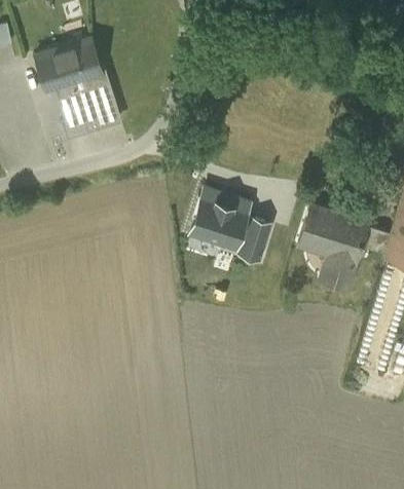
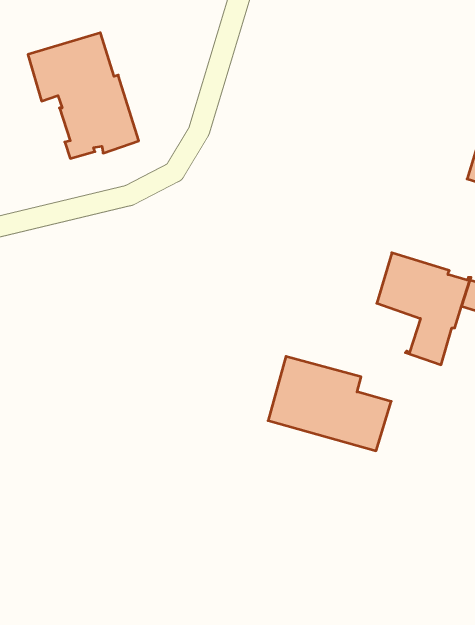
building: [180,188,272,259] -> [268,356,391,451]

